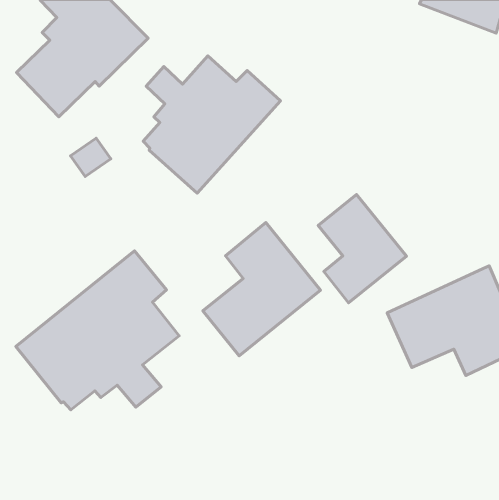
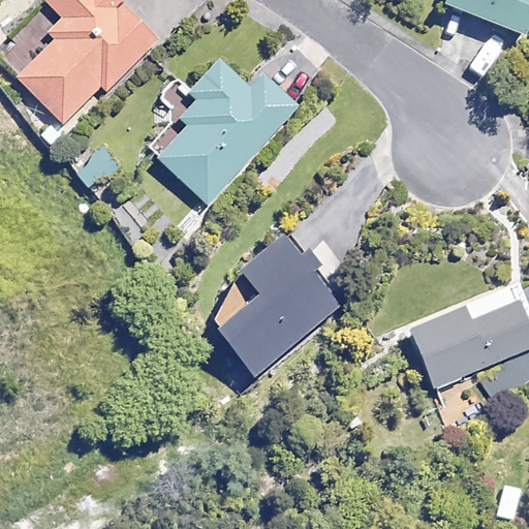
building: [318,194,406,303] -> none
building: [16,251,179,410] -> none

